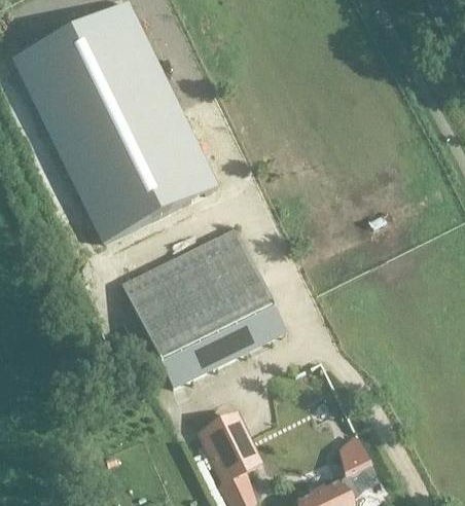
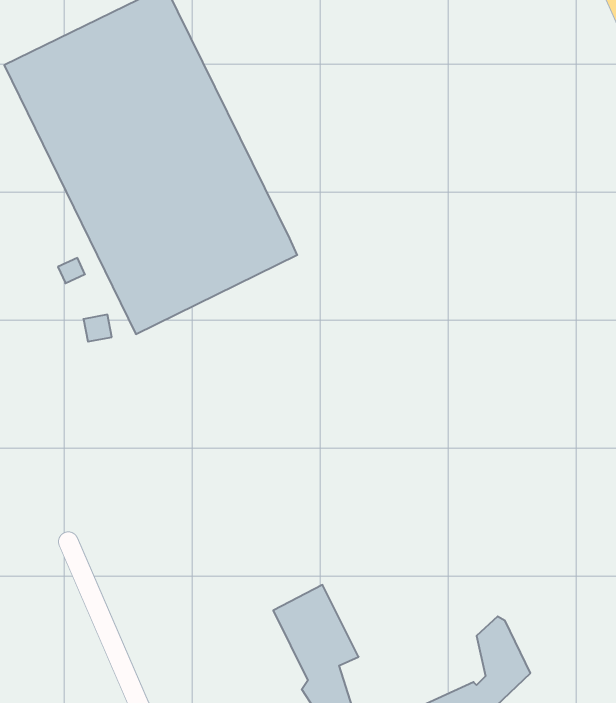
building: [123,230,285,385] -> none

